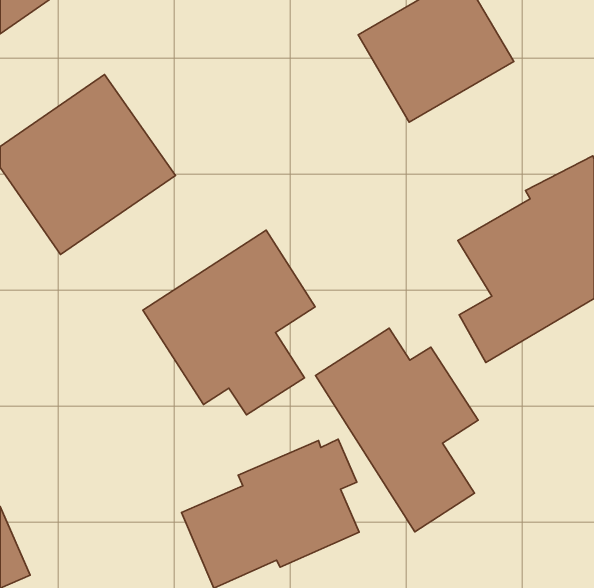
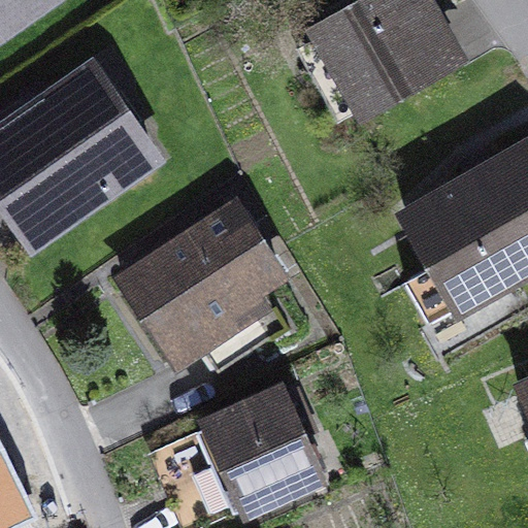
building: [315,328,478,532] -> none

